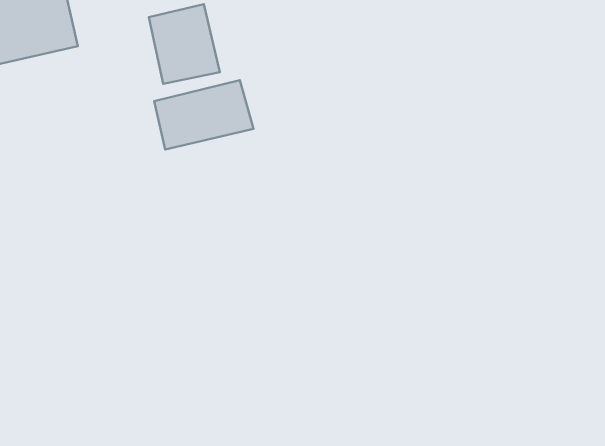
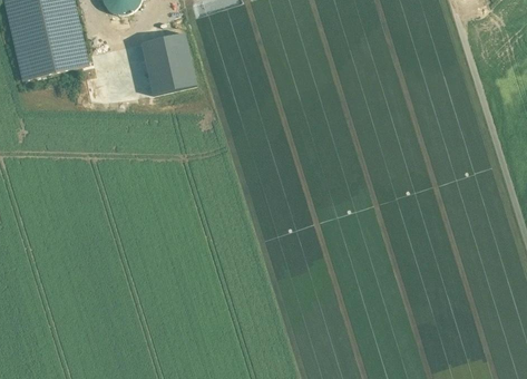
building: [154,80,253,149] -> none

